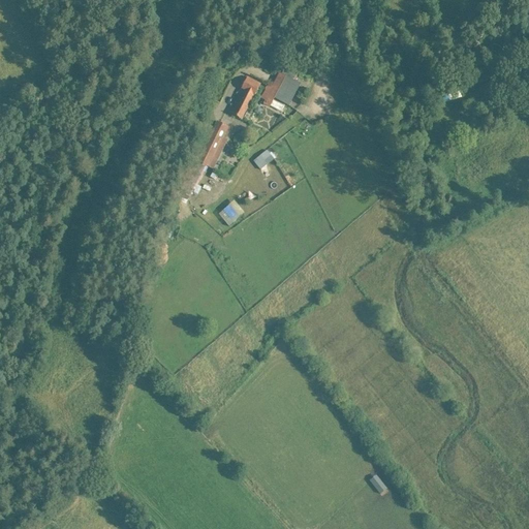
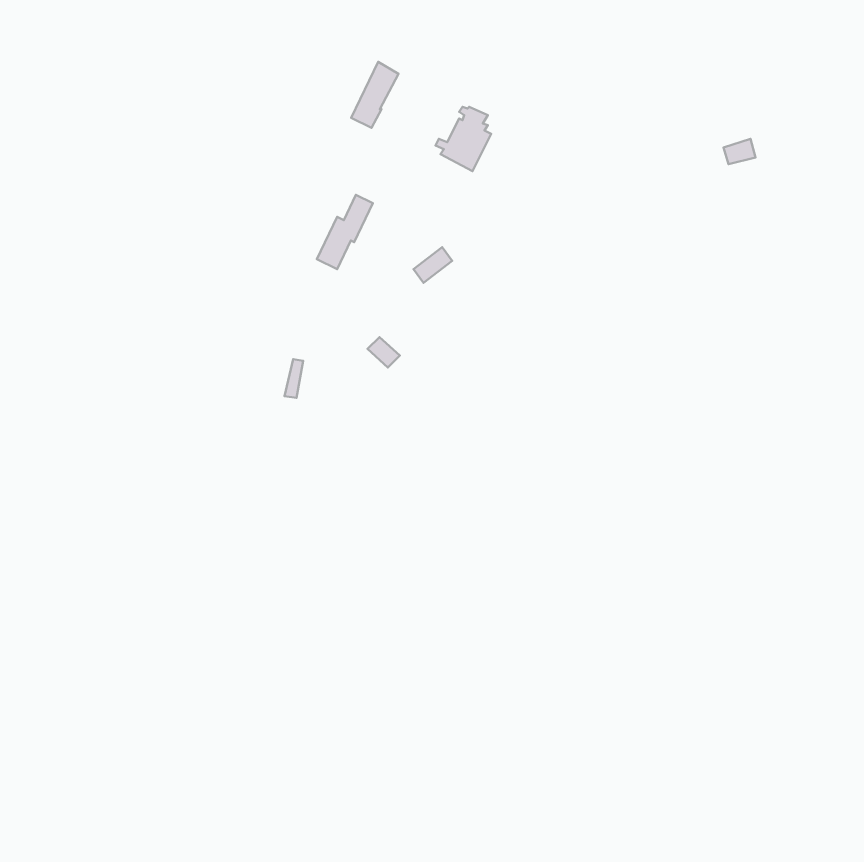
building: [231,76,260,117] -> [351,62,399,128]

